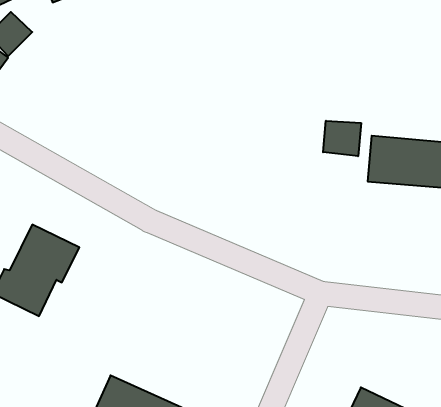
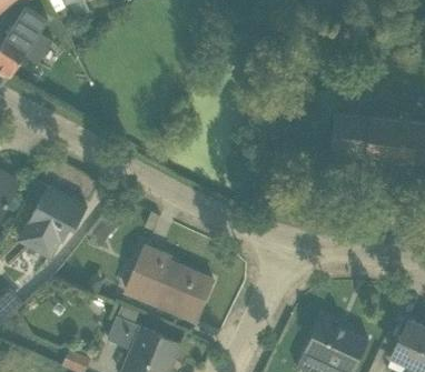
building: [323,121,361,156] -> none
building: none -> [129,248,212,318]

